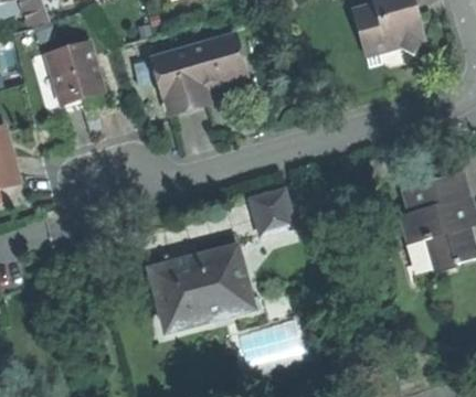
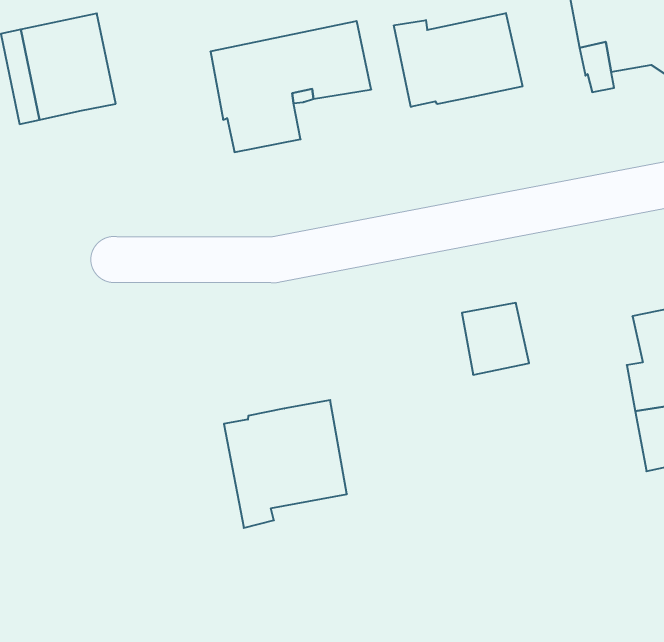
building: none -> [394,13,522,107]
building: [252,191,292,233] -> [462,303,529,375]
building: [150,261,192,329] -> none

